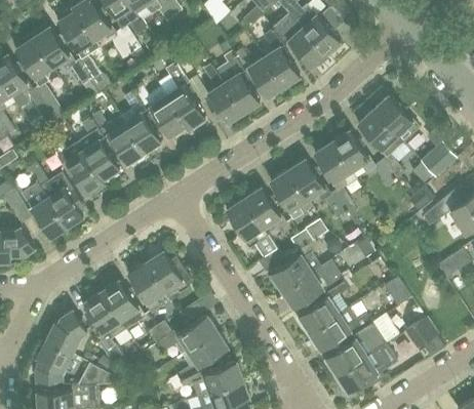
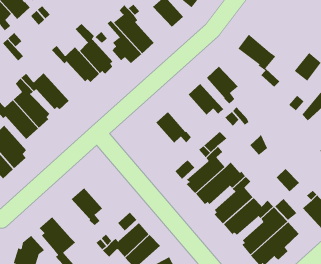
building: [248,58,283,97] -> none
building: [125,91,162,156] -> none
building: [374,95,420,142] -> none
building: [332,131,395,186] -> none
building: [271,171,308,219] -> none
building: [227,199,268,248] -> none
building: [147,251,192,293] -> none
building: [103,281,145,328] -> none

